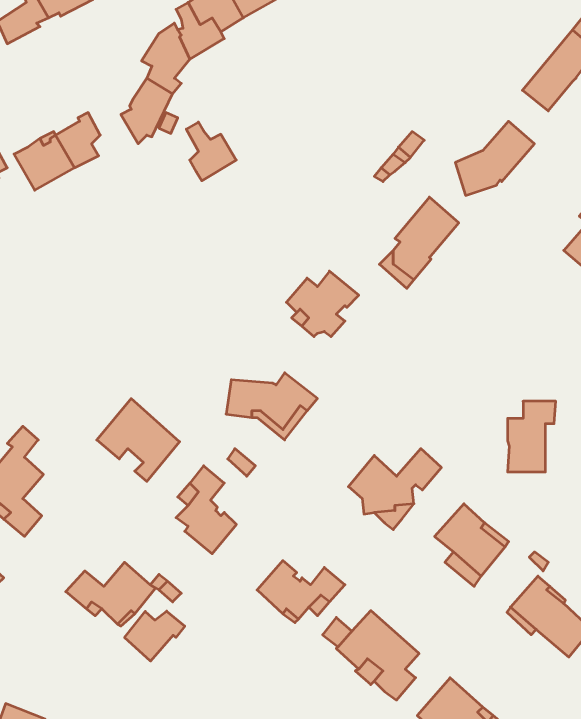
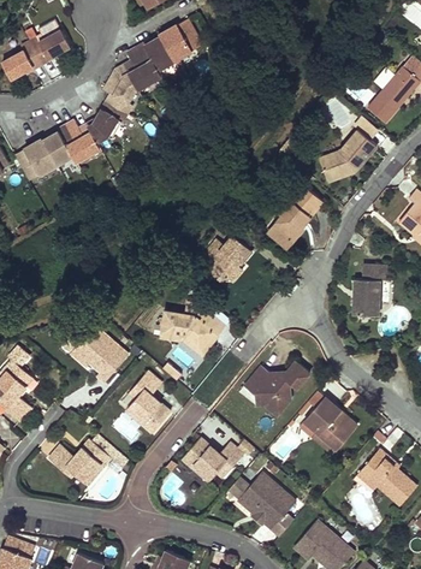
building: [186,122,236,181] -> [65,120,100,161]
building: [508,401,556,472] -> [354,265,387,314]
building: [125,611,185,661] -> none

